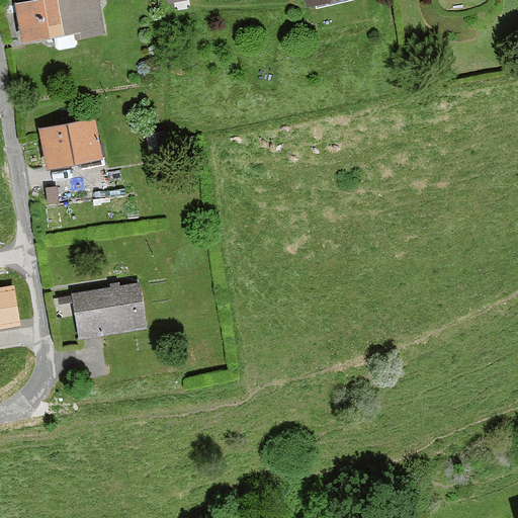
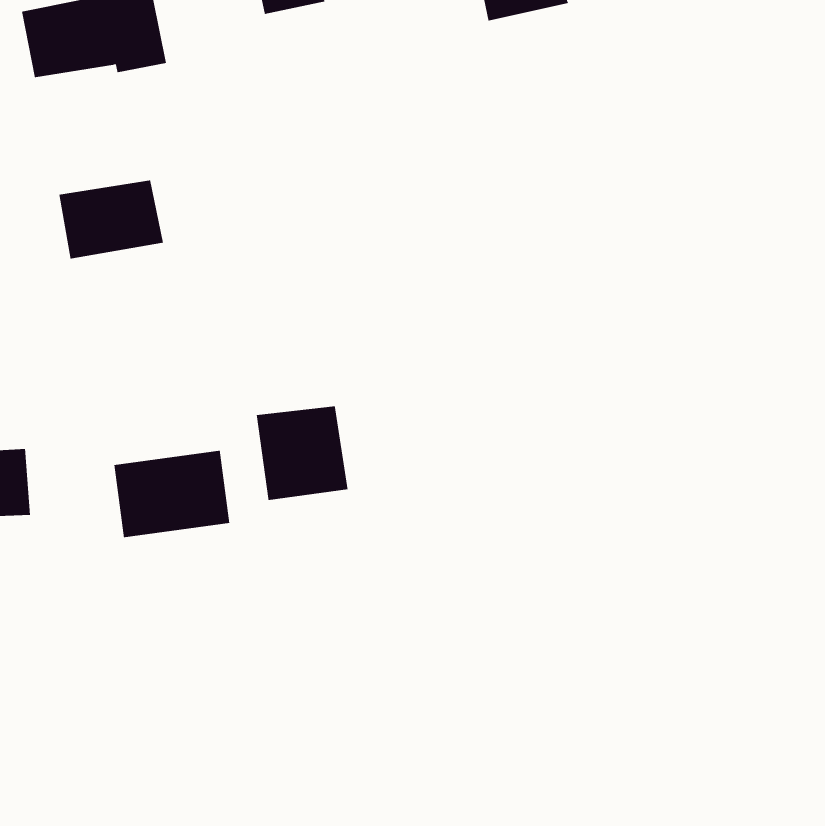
building: none -> [256,406,348,501]

